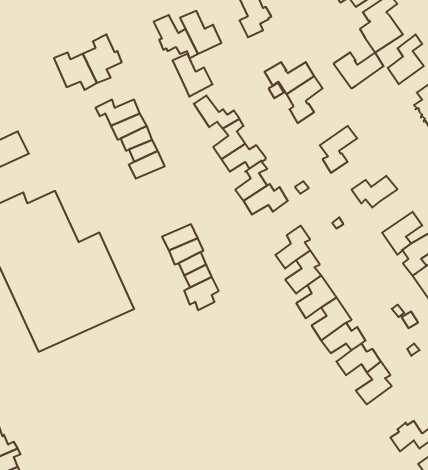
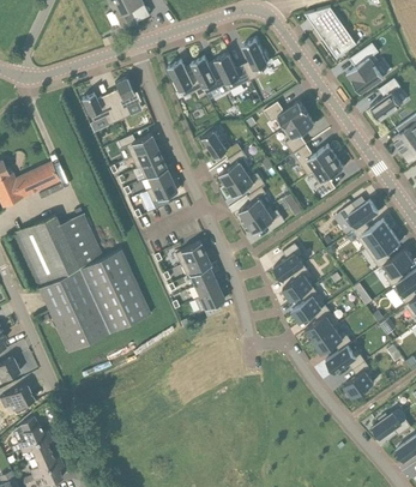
building: [334,52,384,88] -> [293,144,336,175]
building: [172,54,213,97] -> [215,53,249,90]
building: none -> [352,218,392,248]

